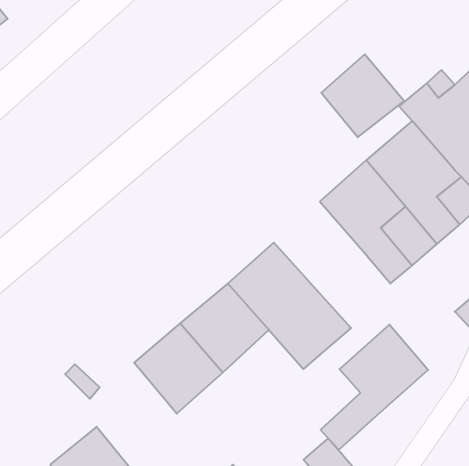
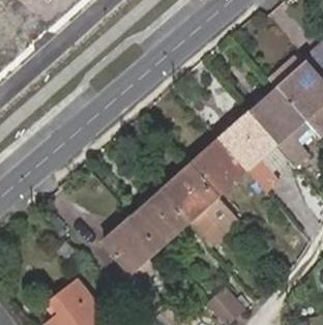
building: [321,54,404,137] -> none
building: none -> [189,139,245,195]
building: [321,324,428,450] -> none

